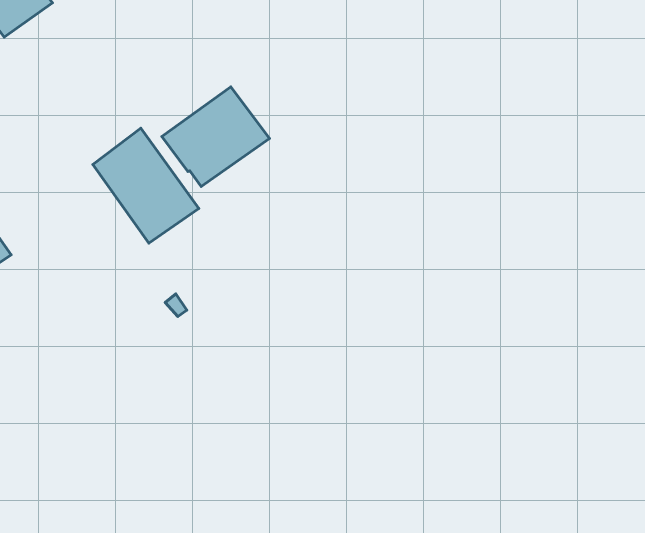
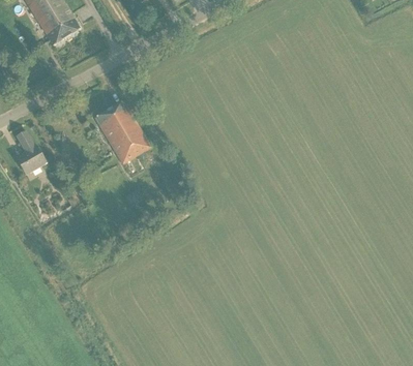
building: [162,87,270,187] -> none

